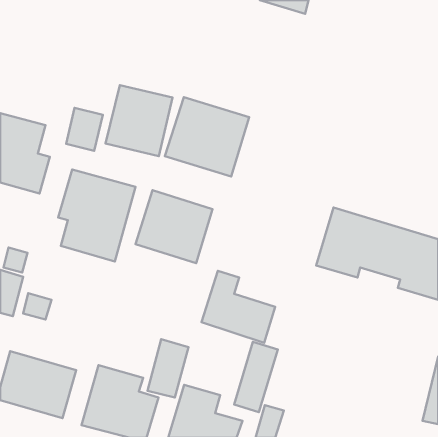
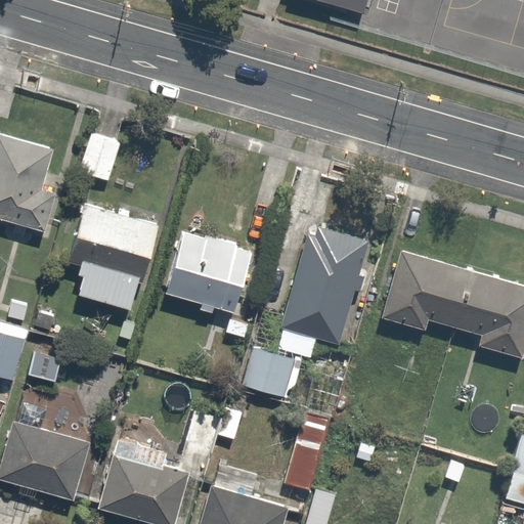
building: [105,85,173,156] -> none
building: [165,97,249,177] -> none
building: none -> [276,226,374,346]

